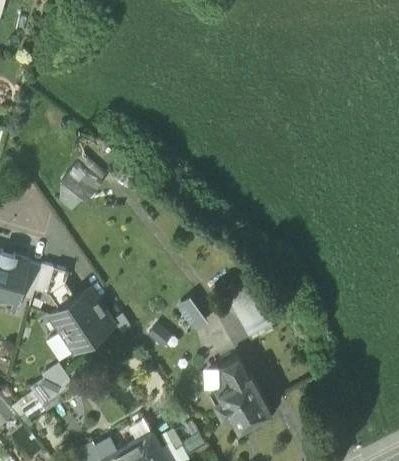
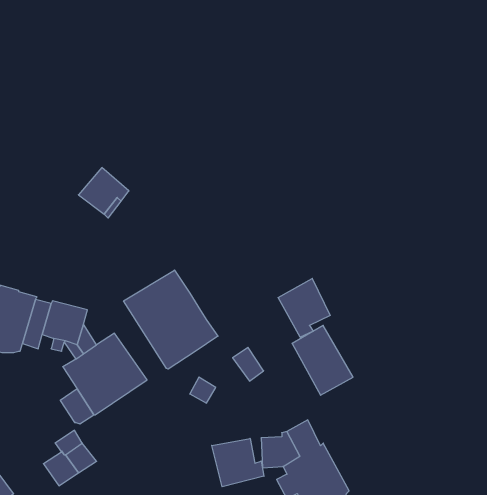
building: none -> [124,270,218,369]
building: none -> [278,278,330,337]
building: none -> [212,438,264,487]

